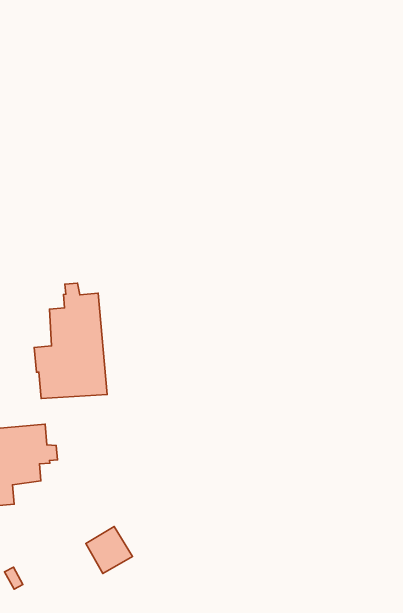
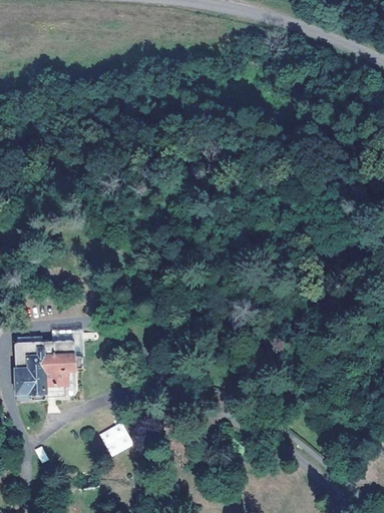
building: [34,283,107,399] -> none

